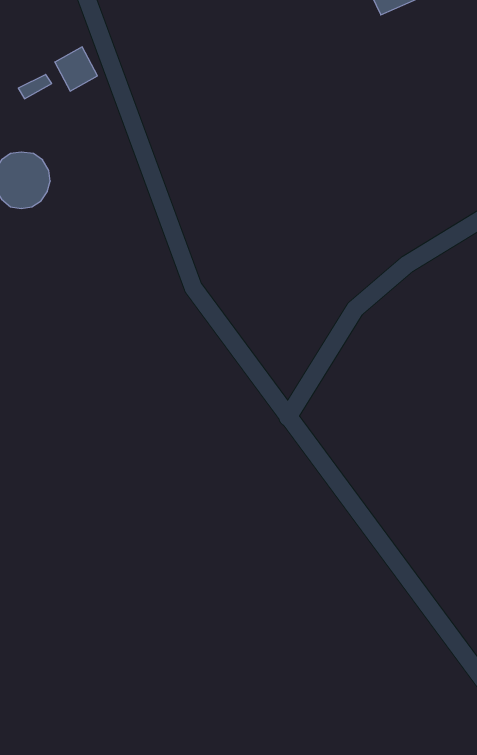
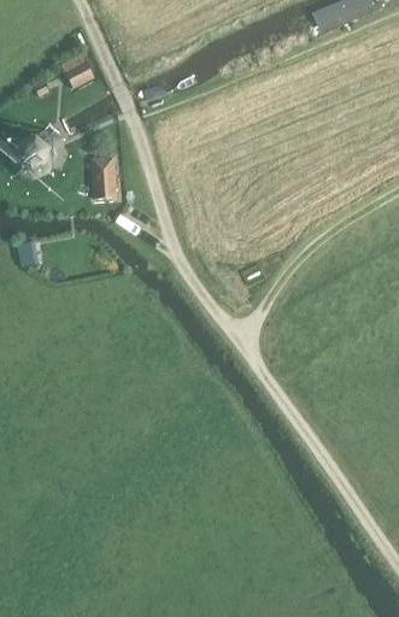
building: none -> [89,155,117,198]

